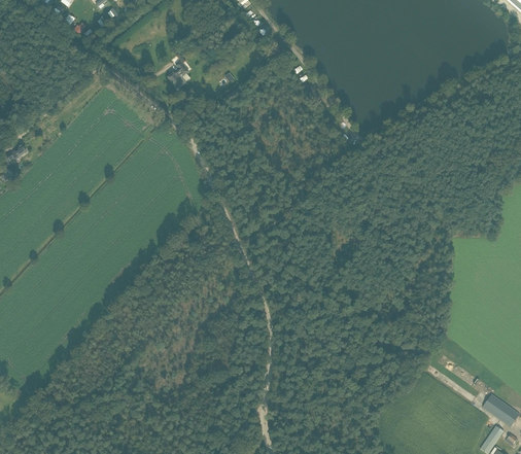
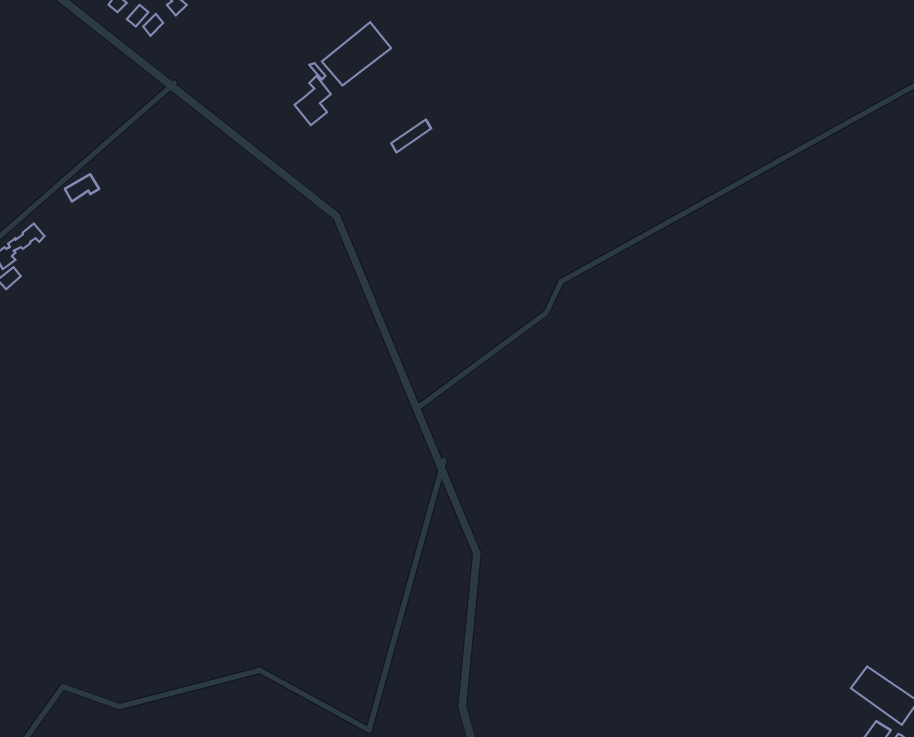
building: none -> [322,22,391,86]

